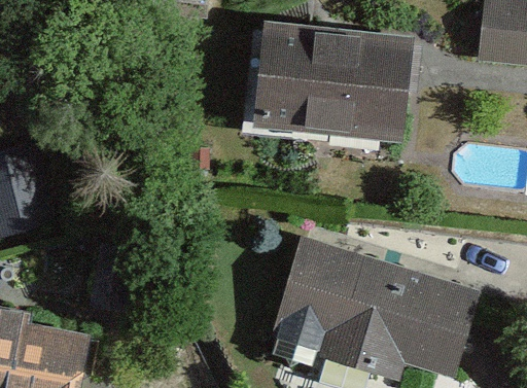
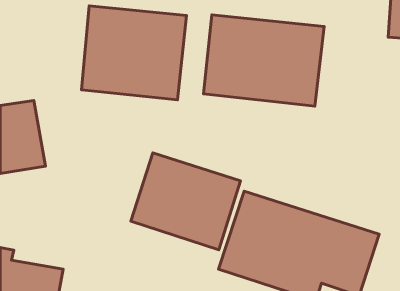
building: none -> [81,6,187,100]
building: none -> [131,153,241,250]

